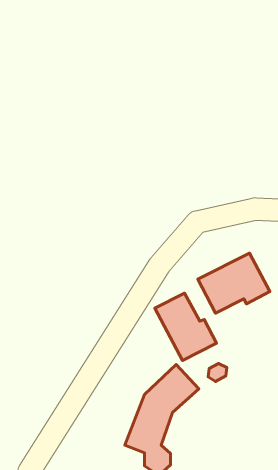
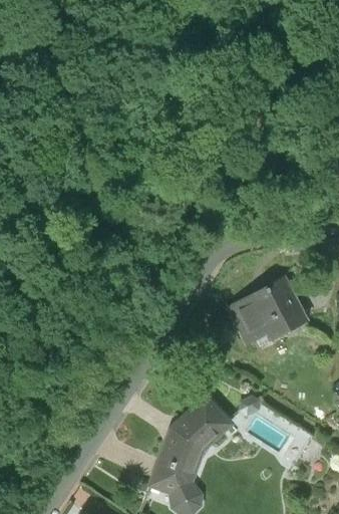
building: [155,293,217,360] -> none

